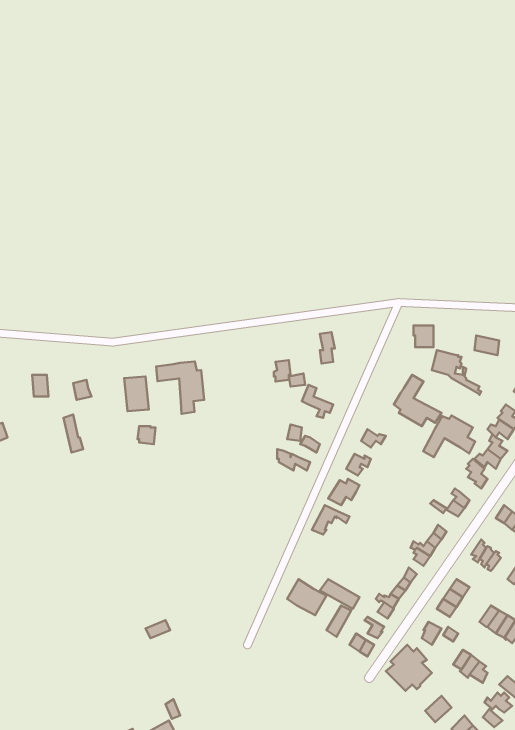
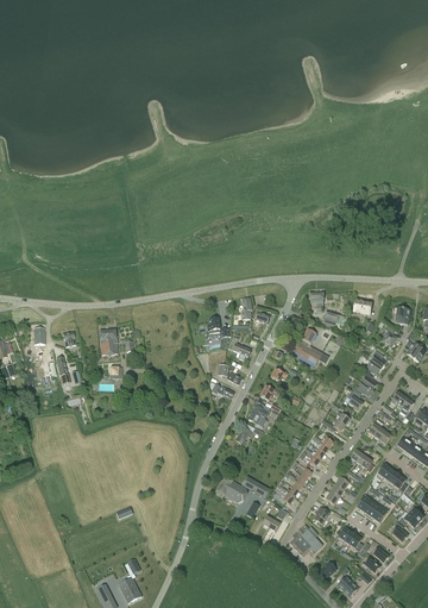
building: [156,361,204,414] -> none
building: [423,415,475,457] -> none

